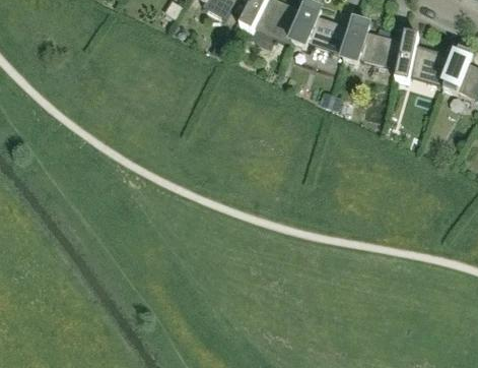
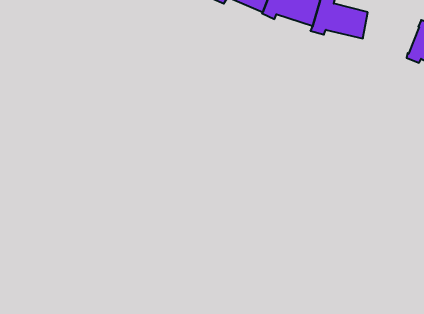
building: [394,32,456,83] -> none

